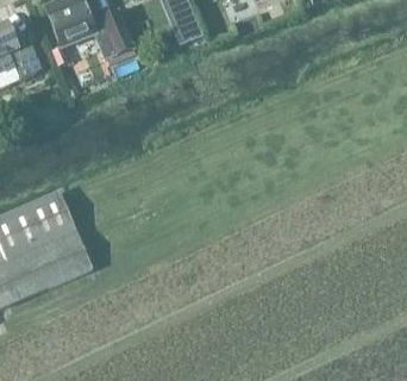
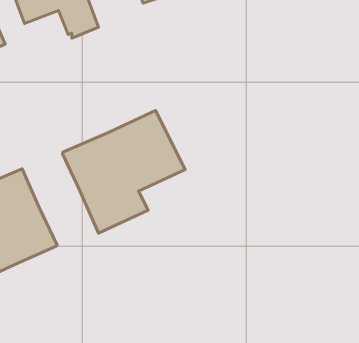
building: none -> [63,110,185,233]

